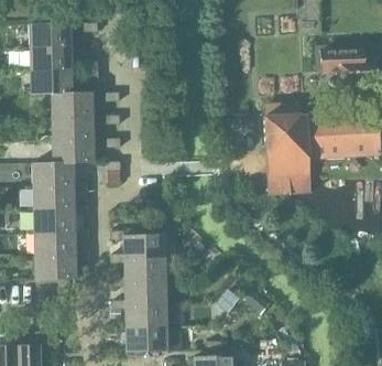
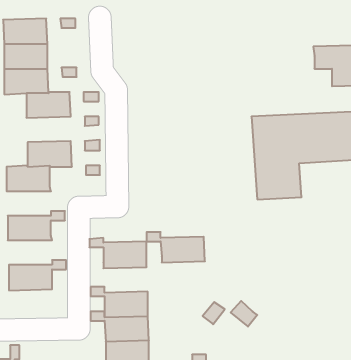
building: [51,116,92,140] -> none
building: [32,182,87,209] -> none
building: [33,228,88,256] -> none
building: [110,254,165,282] -> [147,232,205,262]

